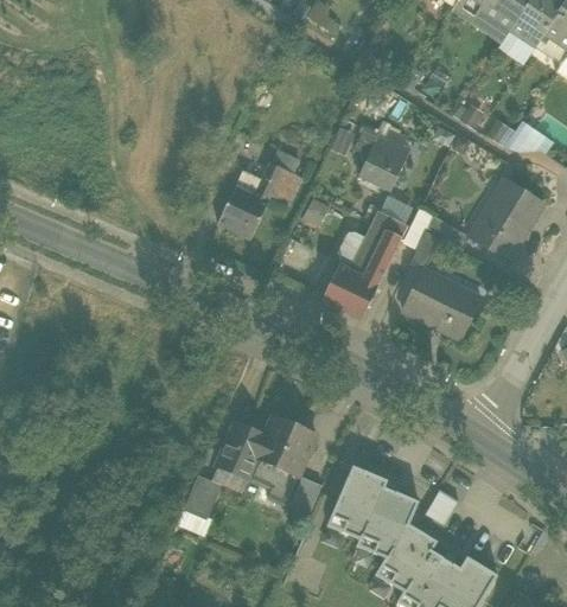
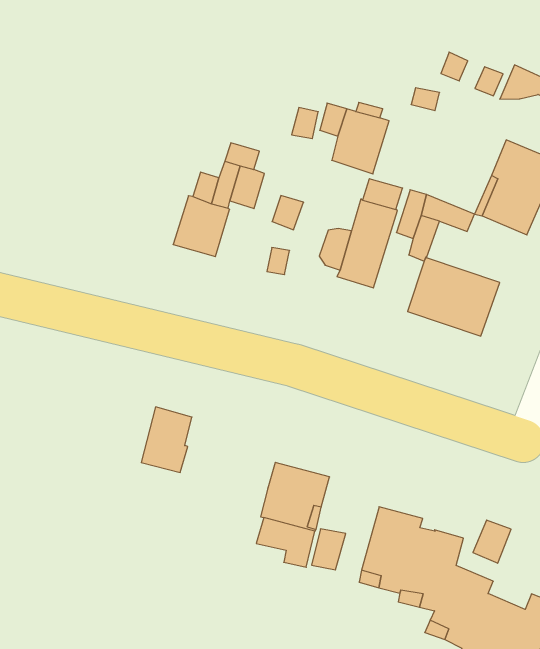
building: [321,266,376,319] -> none
building: [216,422,263,479] -> [141,407,192,472]
building: [184,477,218,516] -> none

